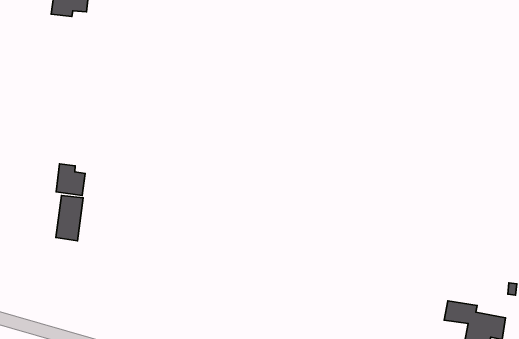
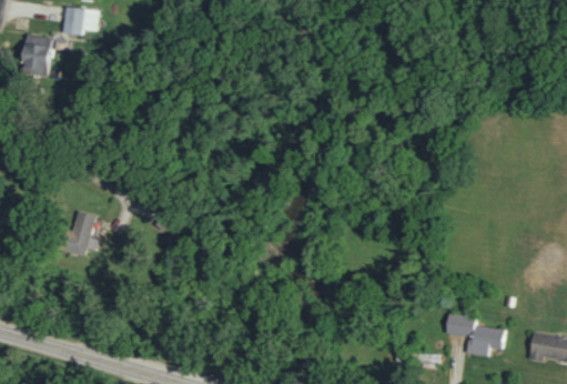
building: none -> [21,36,49,74]
building: [56,164,85,195] -> none

